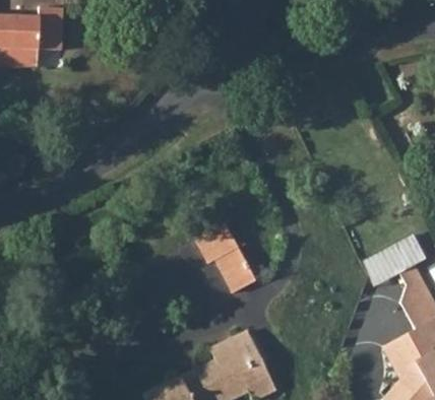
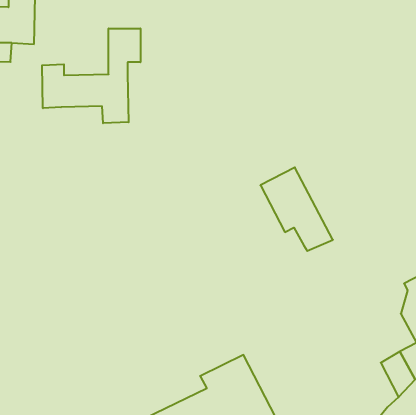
building: none -> [42,28,140,123]
building: [187,211,253,287] -> [260,167,333,251]

